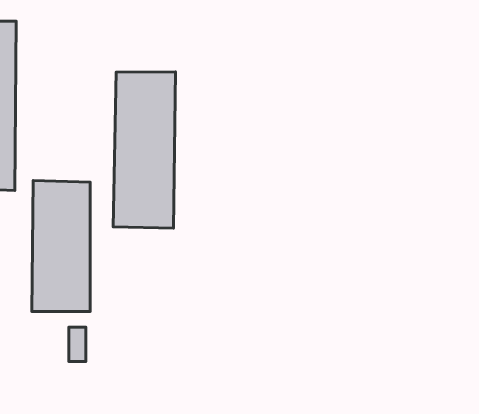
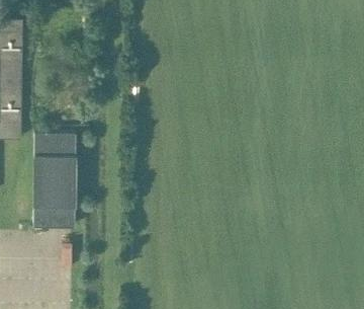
building: [113,72,175,228] -> none

